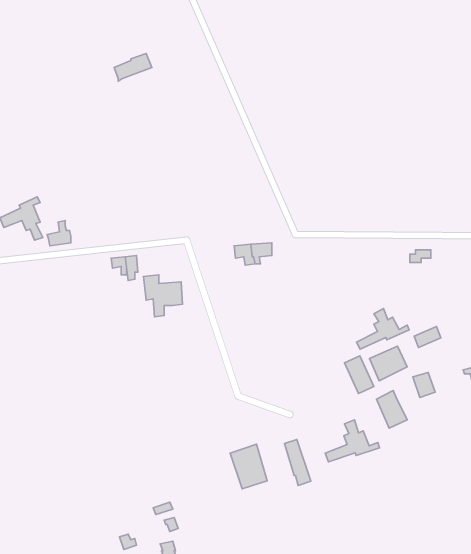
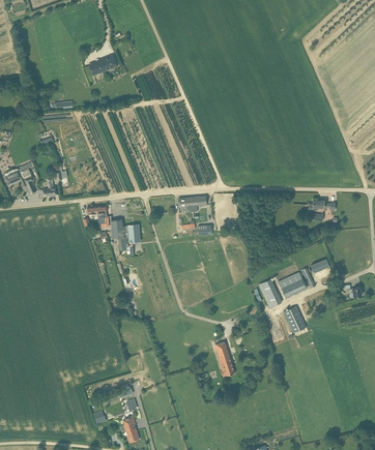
building: [356,309,409,349] -> none
building: [325,420,379,462] -> none
building: [230,444,267,489] -> none

